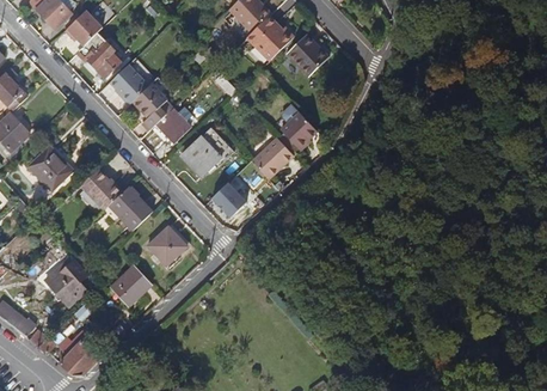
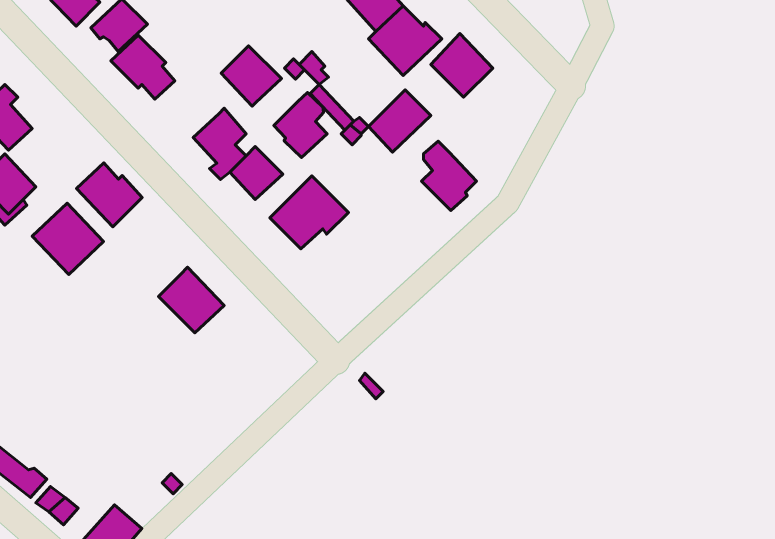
building: [109,65,148,104] -> [221,46,281,106]
building: none -> [274,93,327,158]
building: [253,138,294,178] -> [369,90,431,152]
building: [80,169,123,210] -> [76,163,142,227]
building: [209,182,246,219] -> none
building: [147,226,186,265] -> none
building: [44,256,87,306] -> none
building: [110,264,152,306] -> none

